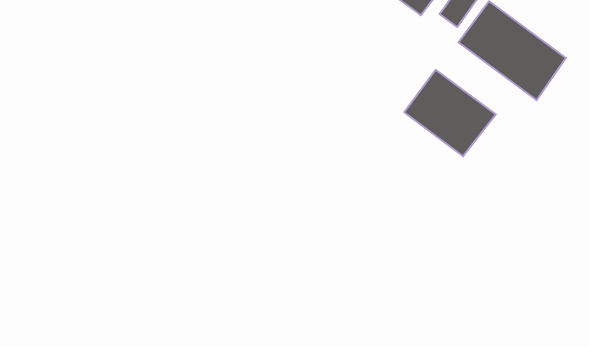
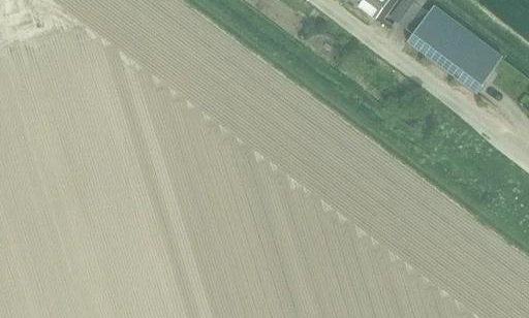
building: [404,70,496,156] -> none

